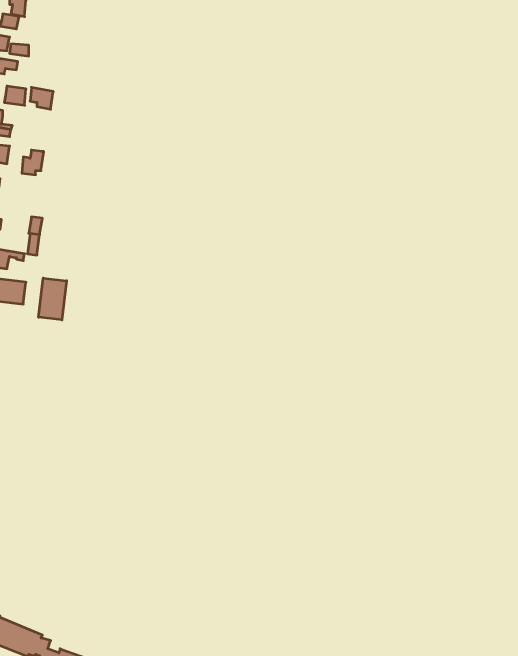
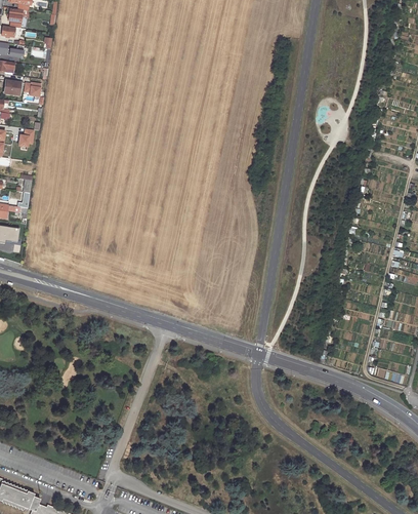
building: [39,278,67,320] -> none

